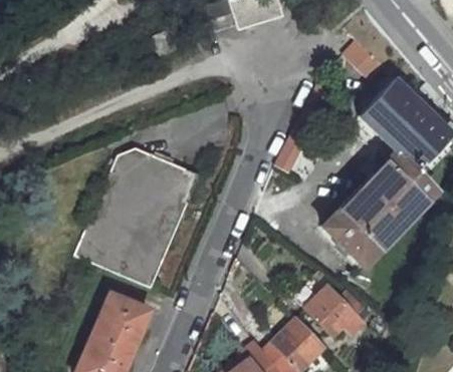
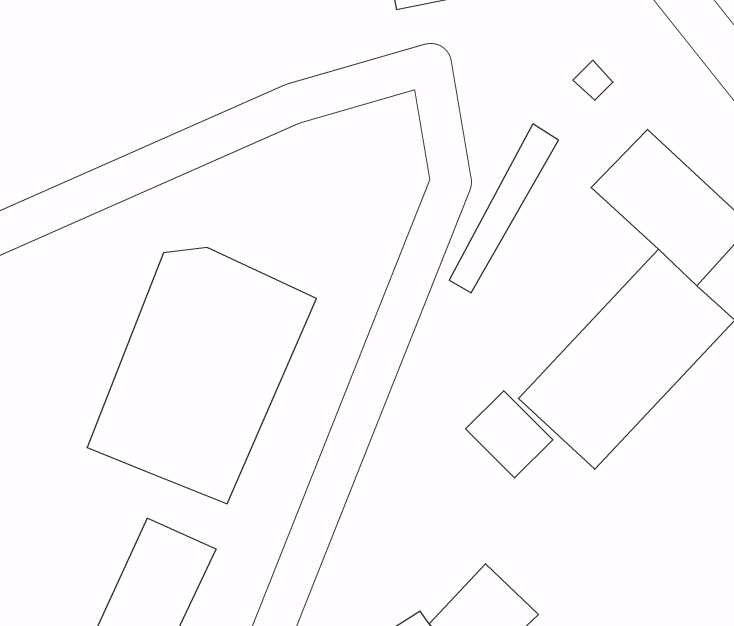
building: [310,288,359,336] -> [466,391,553,478]

